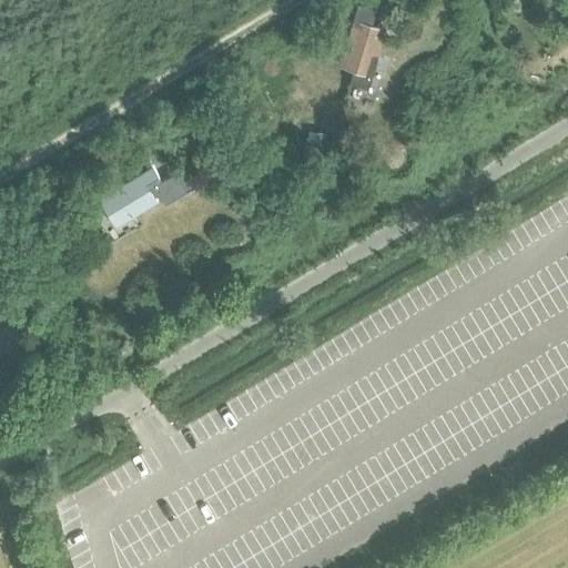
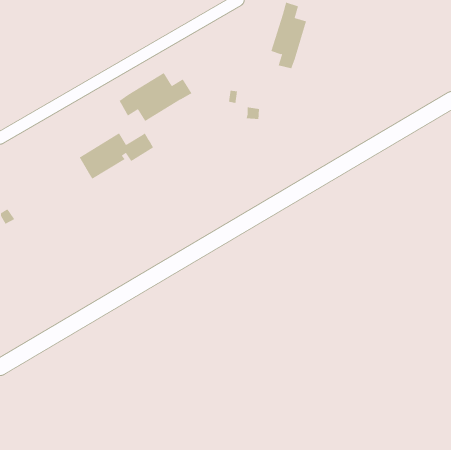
building: none -> [119,72,192,122]

